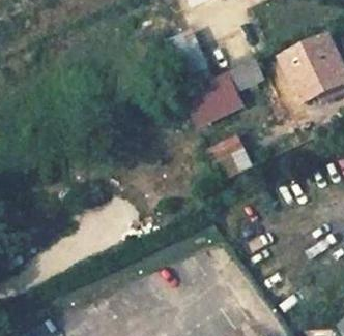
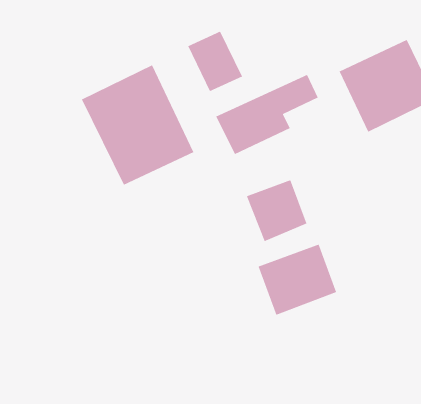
building: none -> [81,64,194,186]
building: none -> [257,244,337,316]

